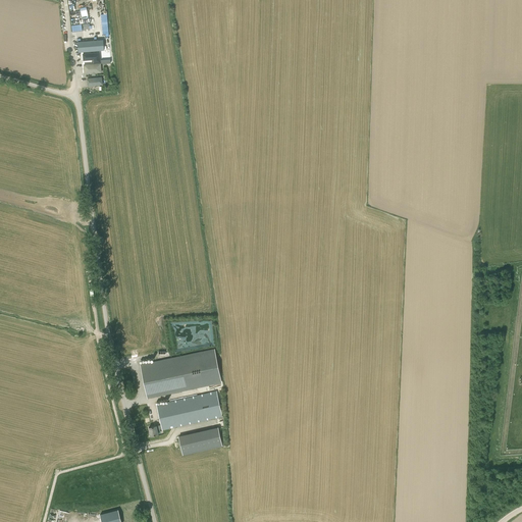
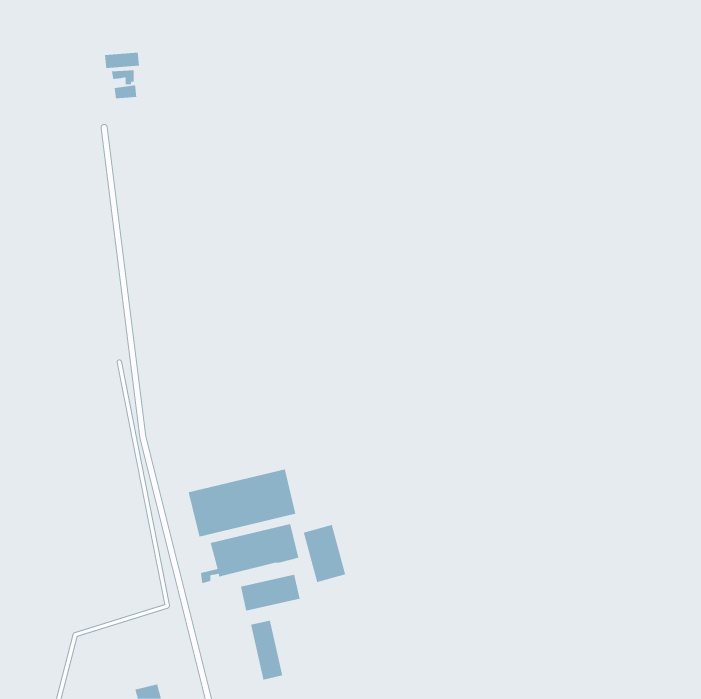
building: none -> [303,524,346,583]
building: none -> [251,620,283,680]

